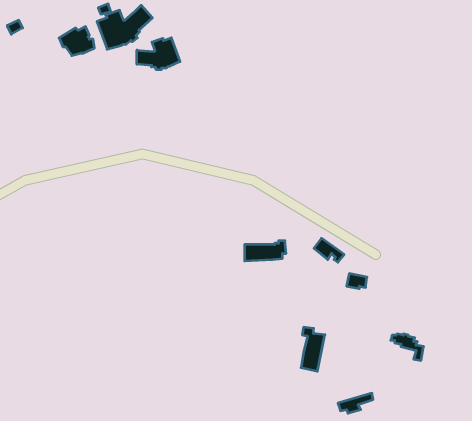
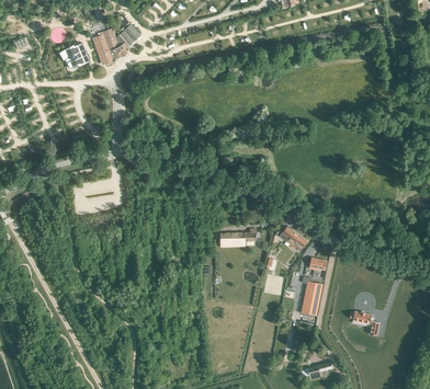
building: [137,38,180,70] -> none
building: [301,327,325,371] -> [301,276,321,314]

